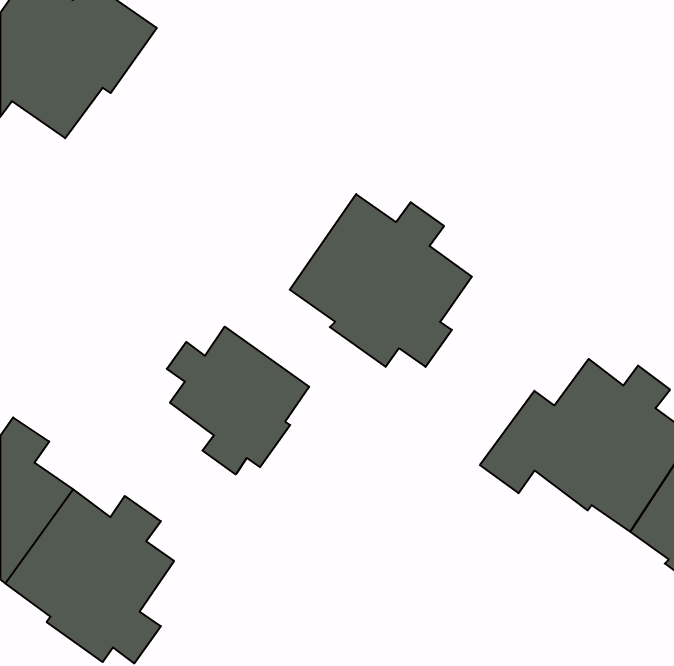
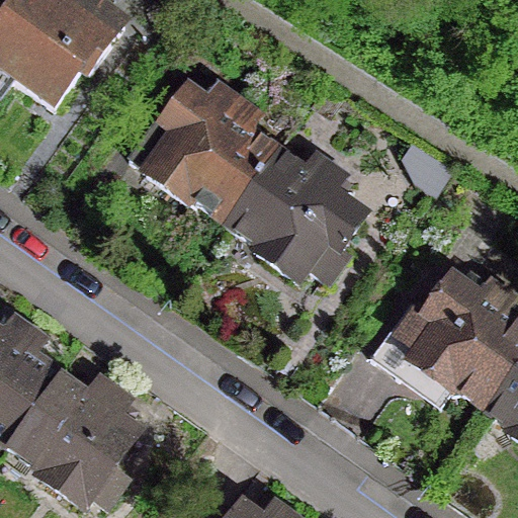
building: none -> [136,86,275,221]
building: [167,327,309,474] -> none

